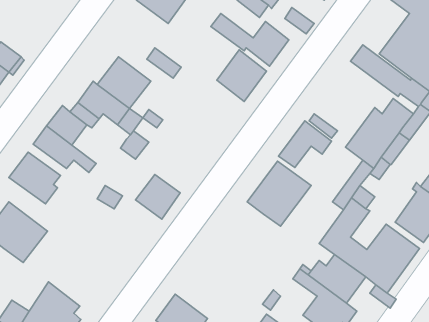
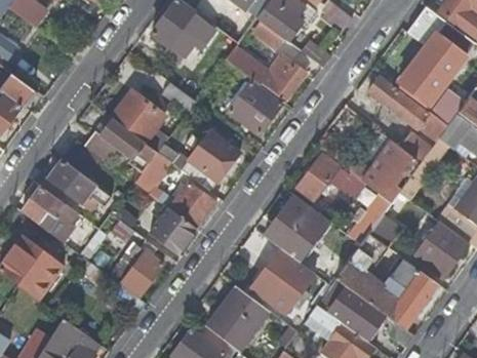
building: none -> [182,130,240,191]
building: none -> [170,183,215,227]
building: none -> [251,248,299,311]
building: none -> [123,251,164,295]
building: none -> [204,285,269,351]

